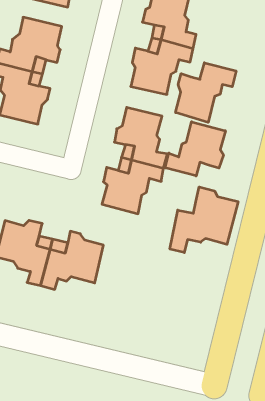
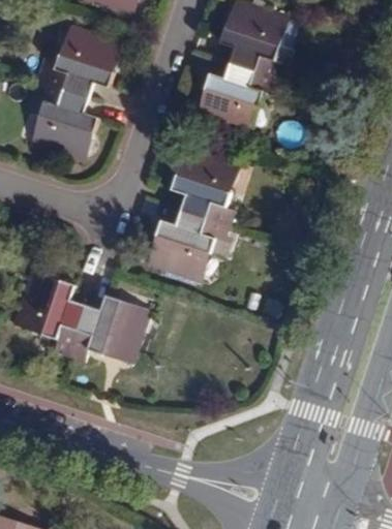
building: [176,63,236,122] -> none
building: [165,122,225,176] -> none
building: [170,187,238,253] -> none

